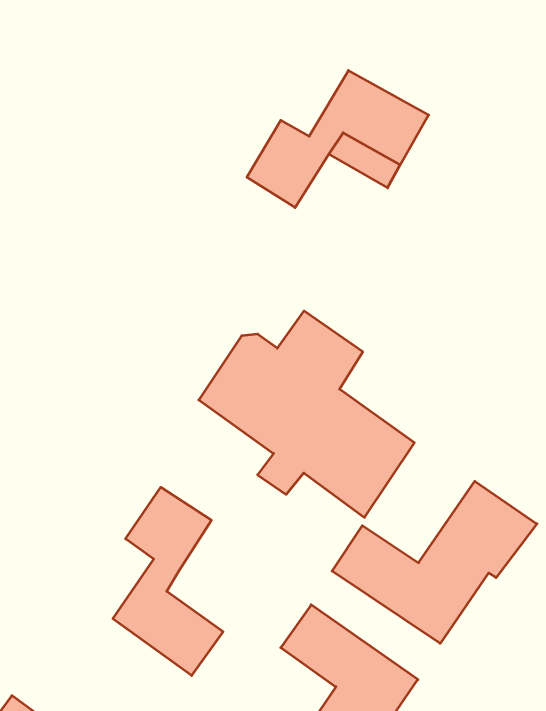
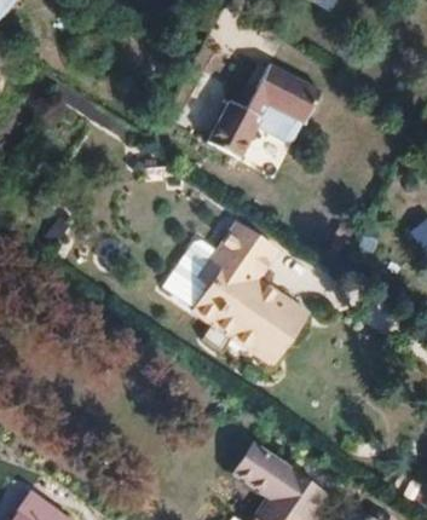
building: [332,481,537,643] -> none
building: [113,487,223,676] -> none

